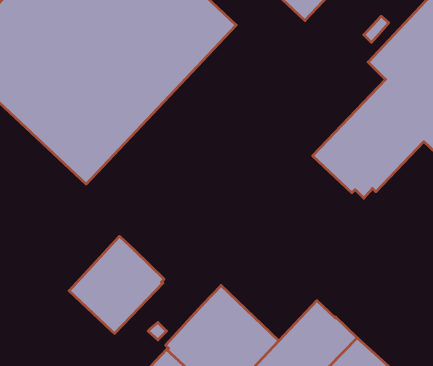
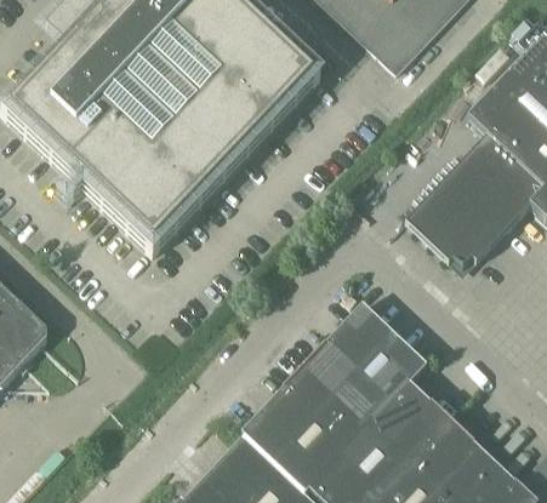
building: none -> [303,303,427,427]
building: [69,236,164,333] -> none

